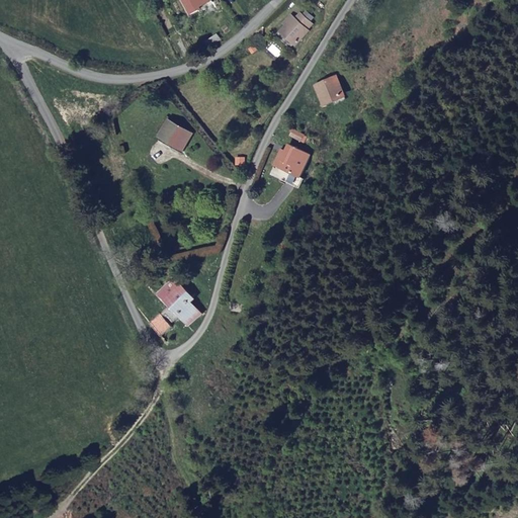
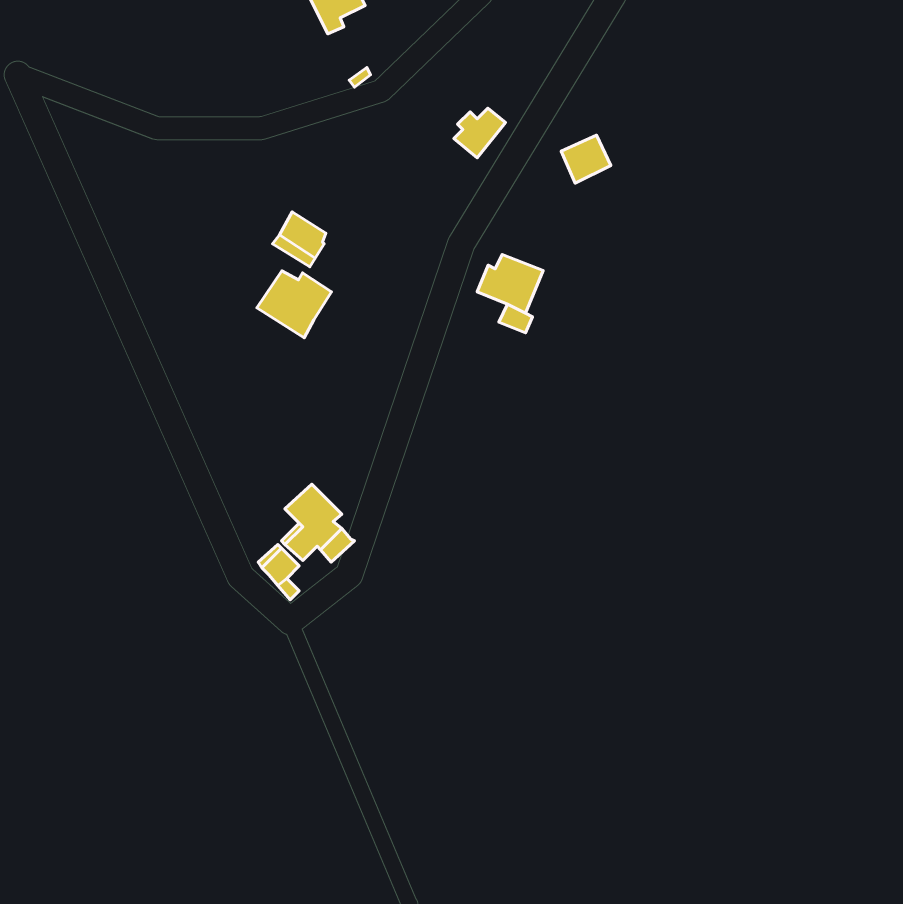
building: [279,14,309,42] -> [454,108,506,158]
building: none -> [257,271,332,338]

